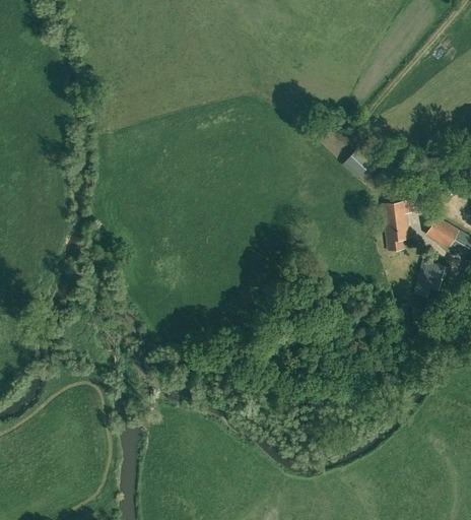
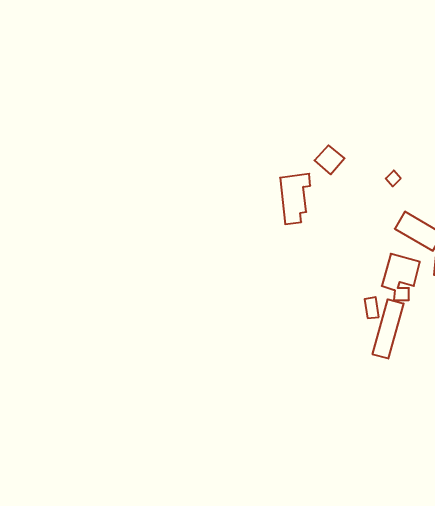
building: [382,200,412,251] -> [280,174,310,224]
building: none -> [373,299,404,359]

